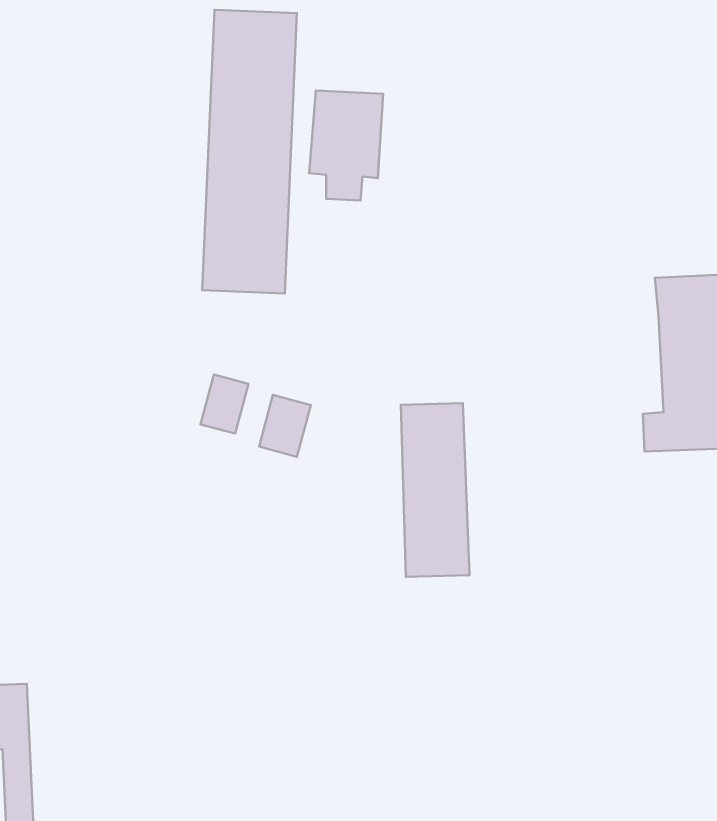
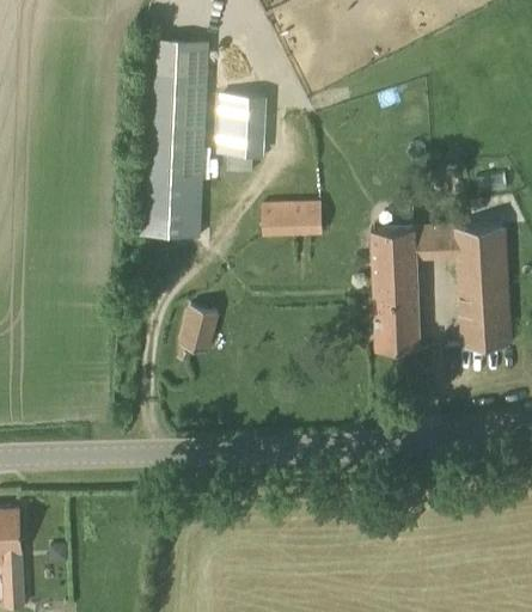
building: none -> [262,203,323,238]
building: [201,375,249,434] -> none
building: [401,403,470,577] -> [373,231,421,351]

